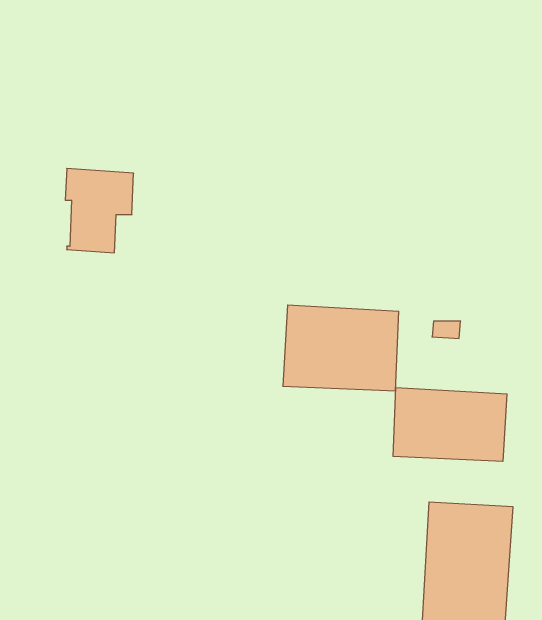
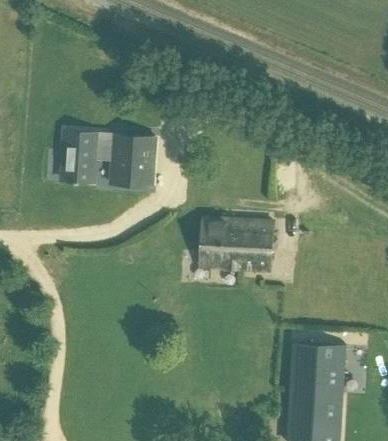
building: none -> [105,134,160,203]
building: [393,388,507,461] -> none

